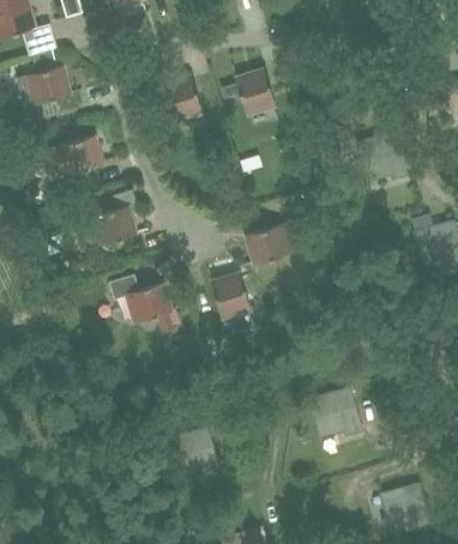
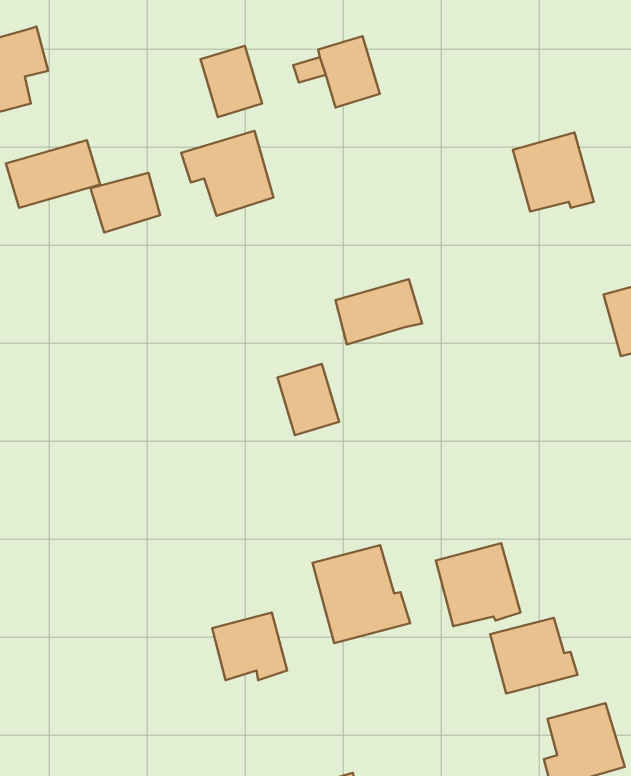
building: none -> [181,131,274,216]
building: [90,205,133,242] -> [91,173,160,233]
building: [109,272,171,330] -> none
building: none -> [313,545,410,643]
building: none -> [490,618,578,694]

